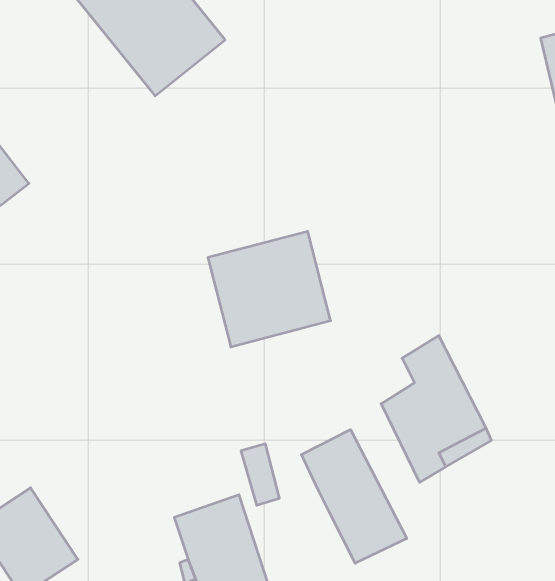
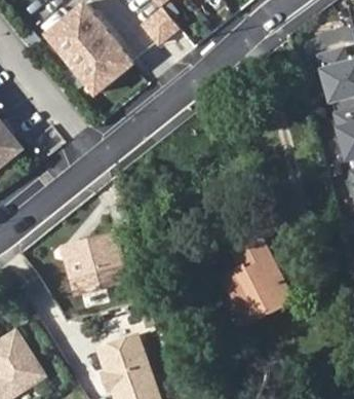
building: [208,231,331,347] -> [62,227,133,295]
building: [301,430,407,563] -> none

